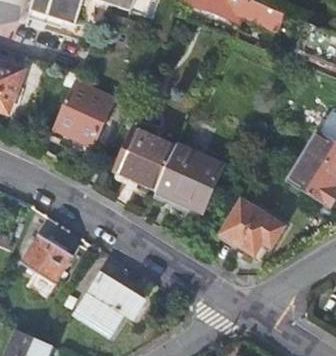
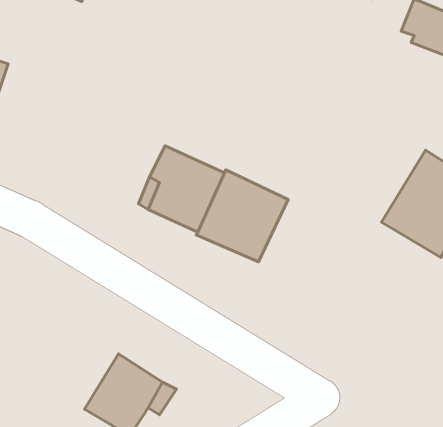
building: [53,81,113,146] -> none
building: [221,200,282,253] -> none
building: [22,237,72,297] -> none

